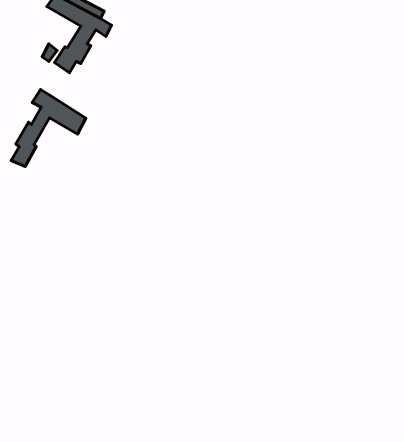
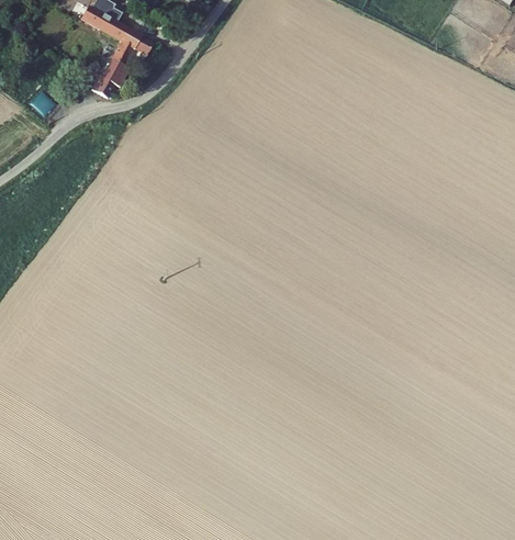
building: [11,90,86,167] -> none

